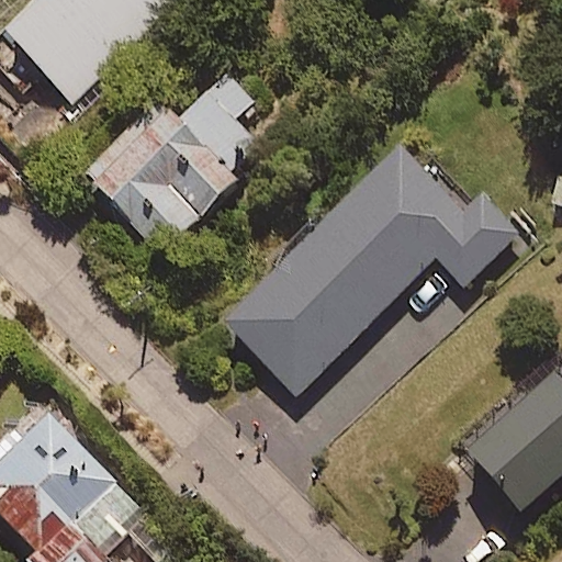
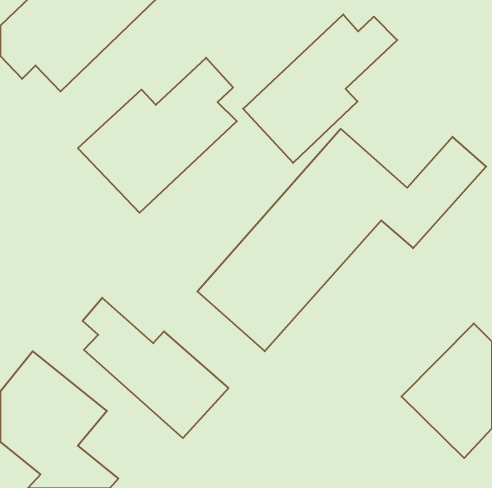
building: none -> [243,14,397,163]
building: none -> [83,298,228,438]

